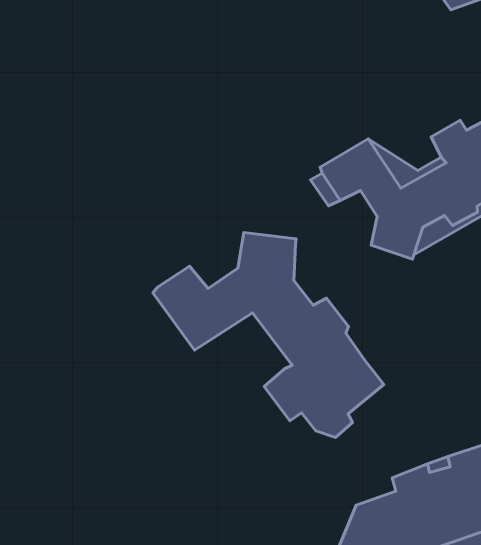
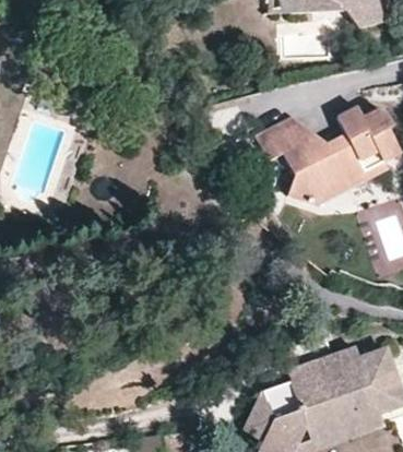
building: [153,233,384,438] -> none

